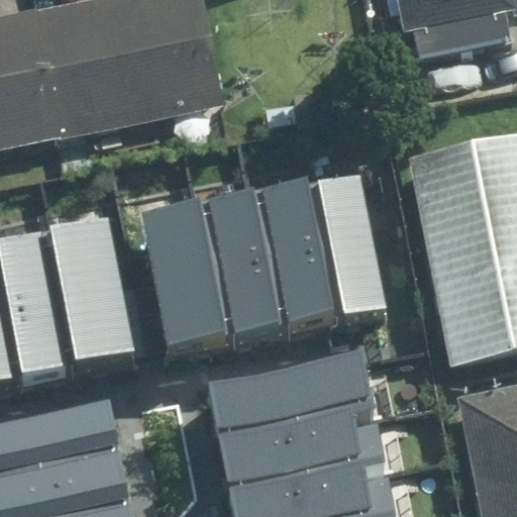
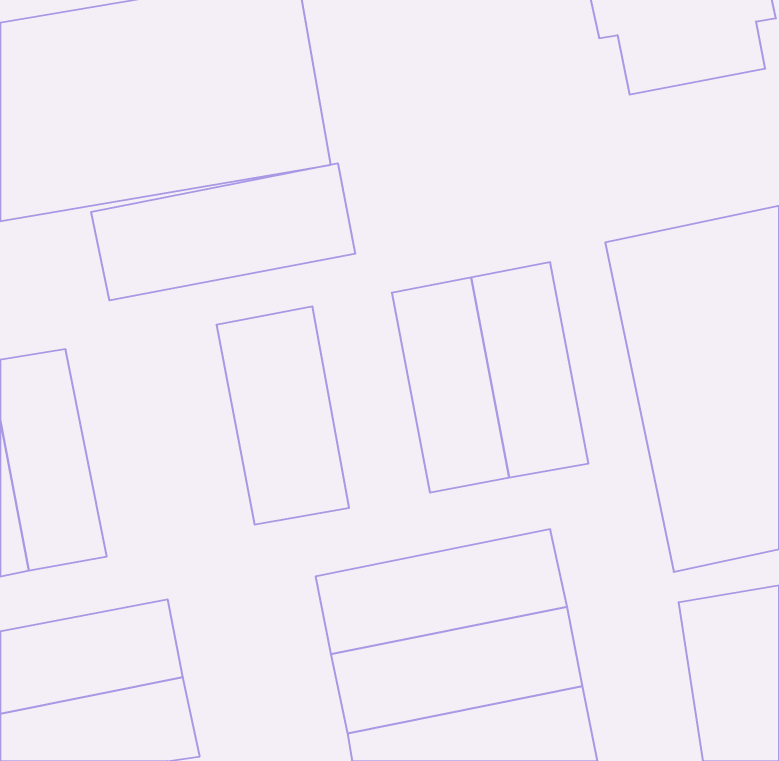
building: none -> [91,163,355,300]
building: [207,194,285,336] -> none
building: [43,218,135,369] -> none

